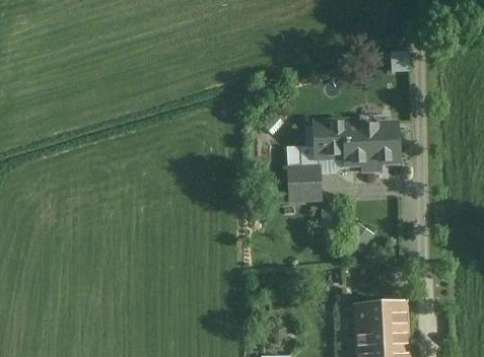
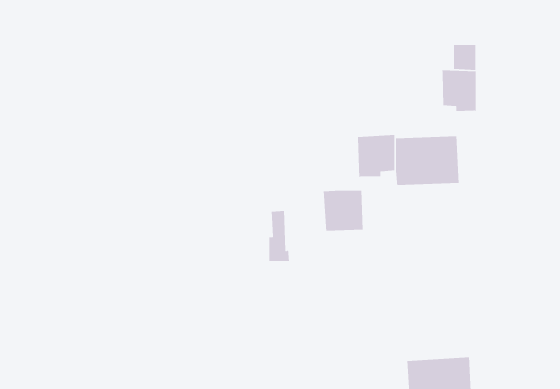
building: none -> [442,70,476,112]
building: [301,125,319,166] -> [268,210,290,262]

